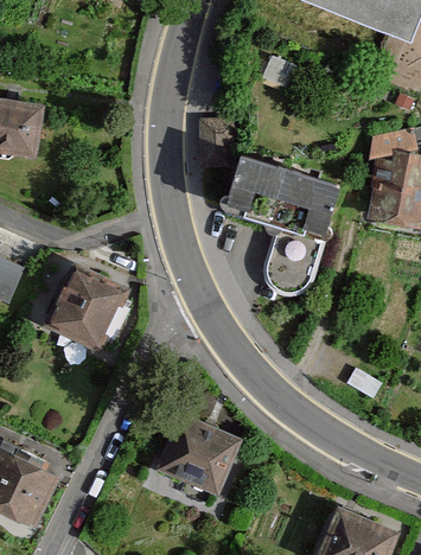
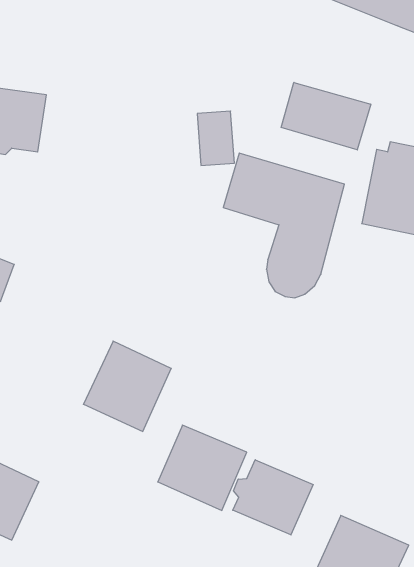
building: none -> [281,82,371,150]
building: [36,262,120,349] -> [83,341,171,431]
building: none -> [233,460,313,535]

